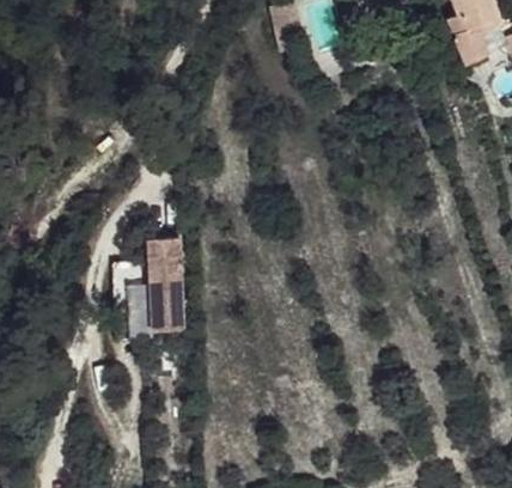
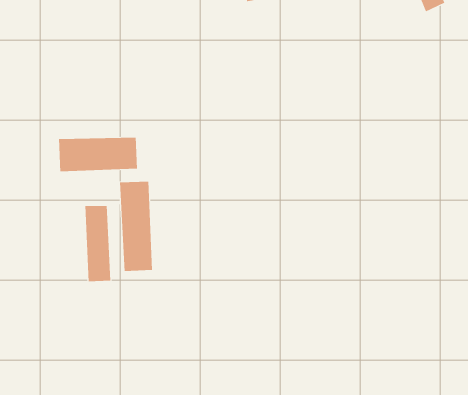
building: none -> [58,137,137,172]

